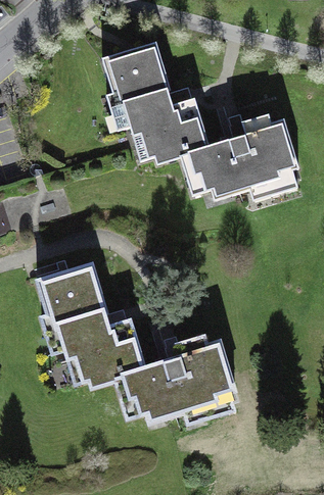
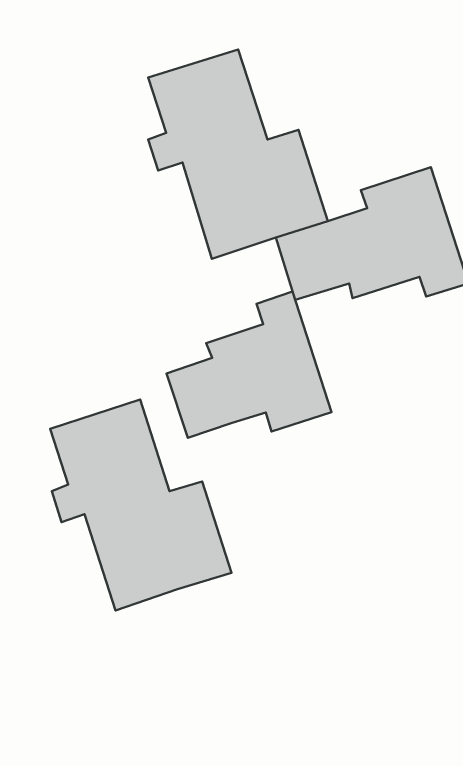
building: none -> [167,291,332,438]
building: [120,334,241,416] -> none

